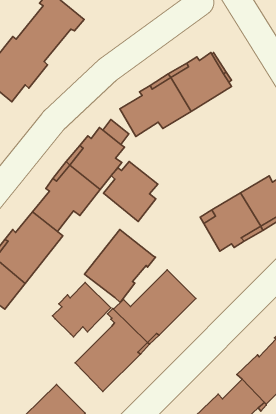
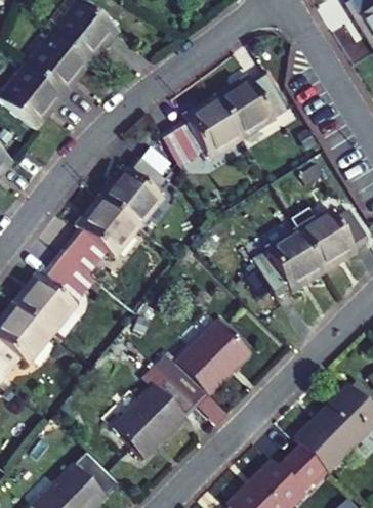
building: [104,161,158,221] -> none
building: [84,229,155,303] -> none
building: [52,283,111,337] -> none

